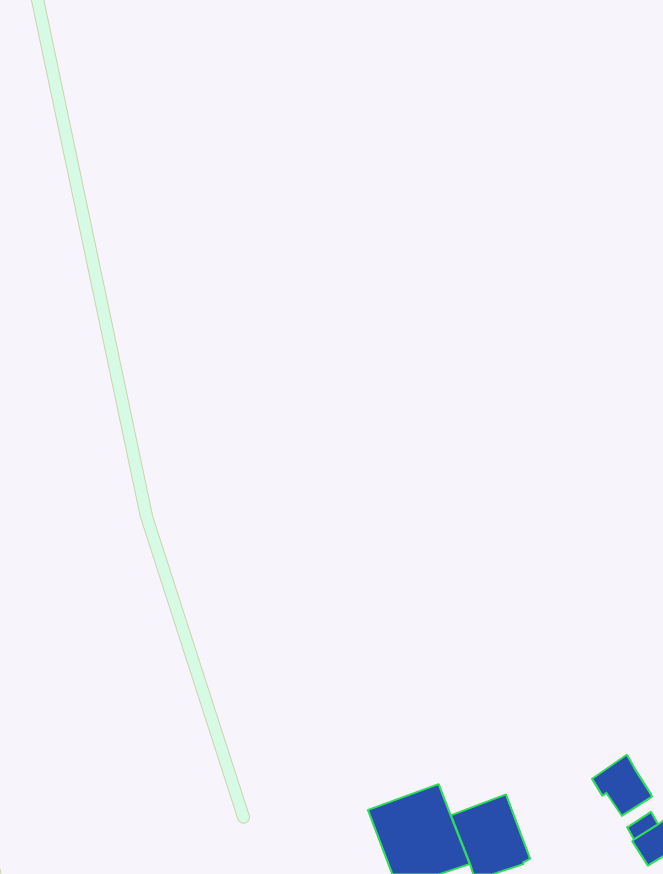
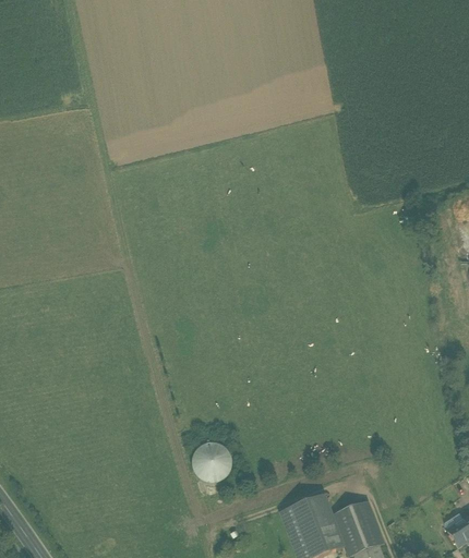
building: none -> [192,442,231,482]
building: [592,755,652,816] -> none

